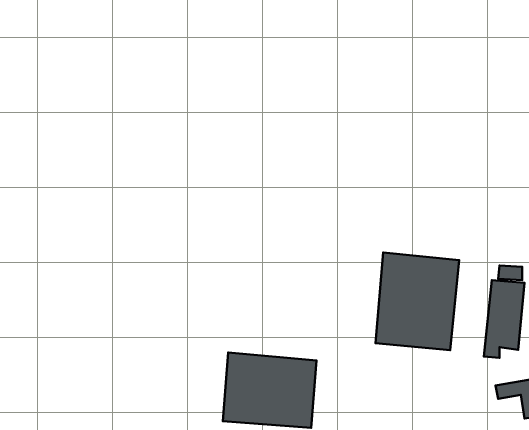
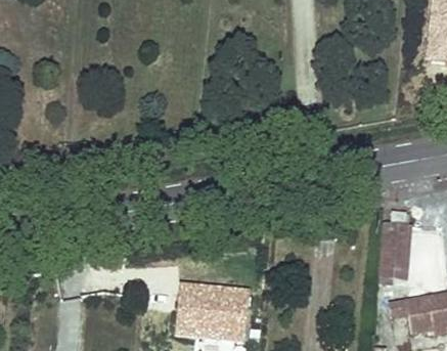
building: [376,253,459,350] -> none

